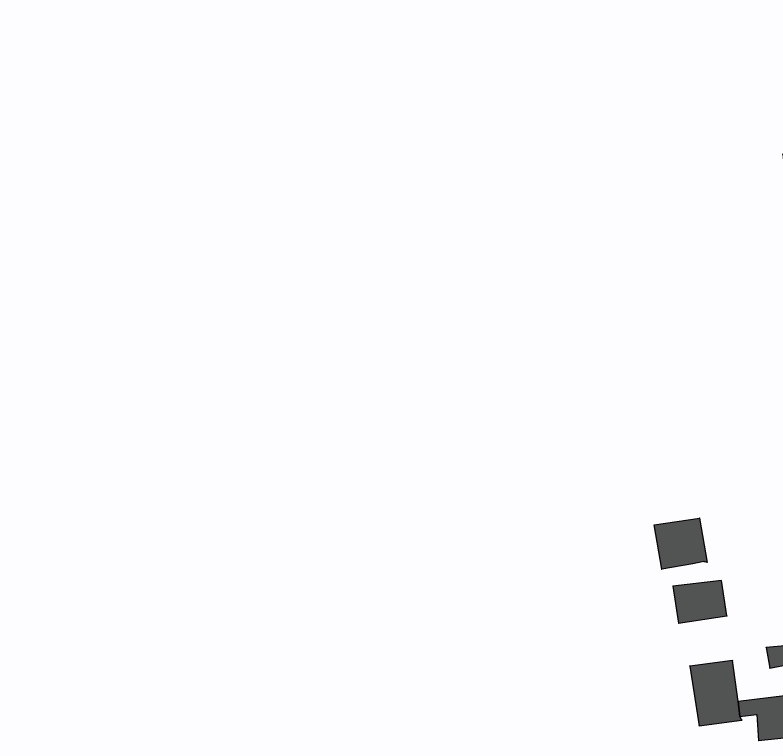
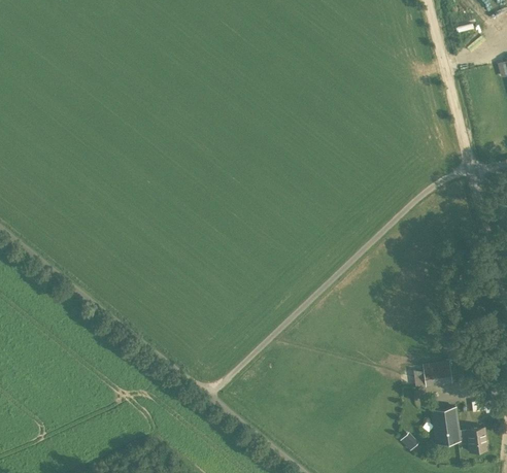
building: [654,518,707,569] -> none

